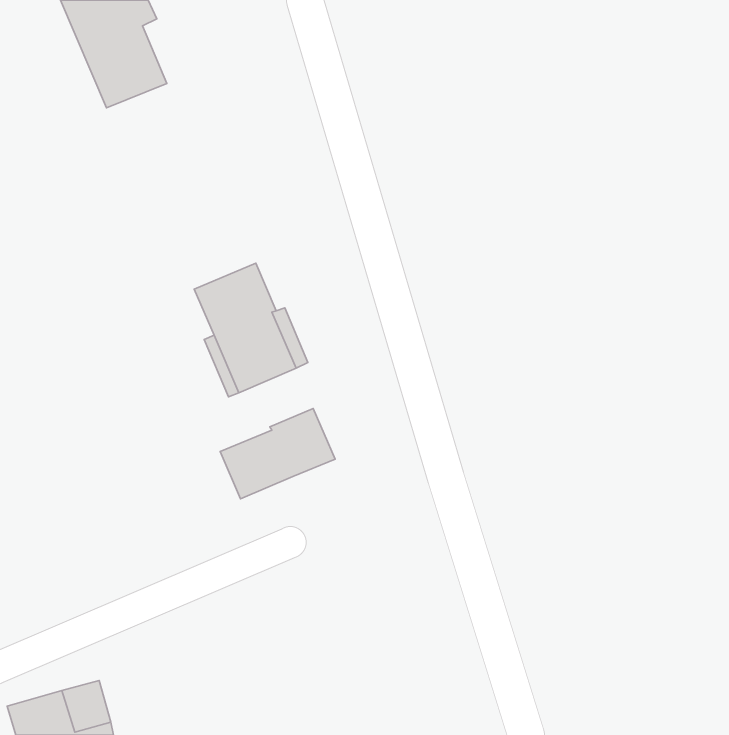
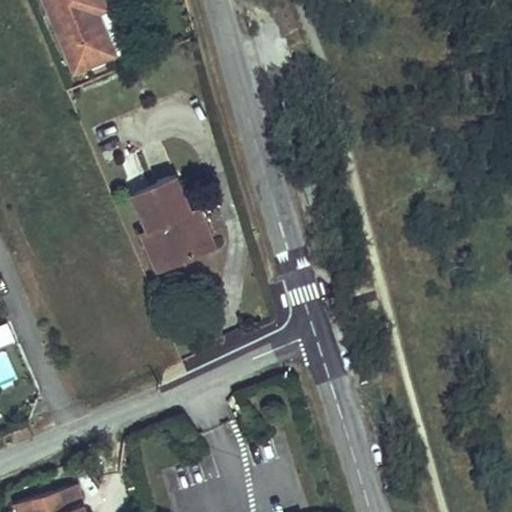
building: [220,408,335,499] -> none

